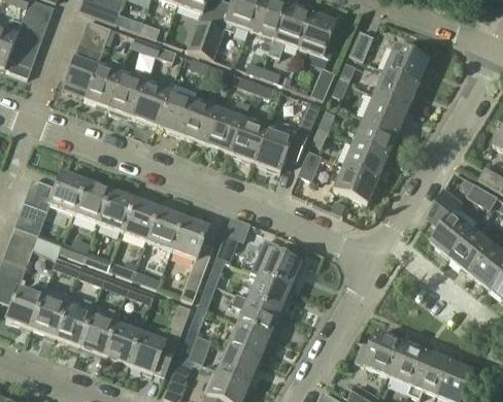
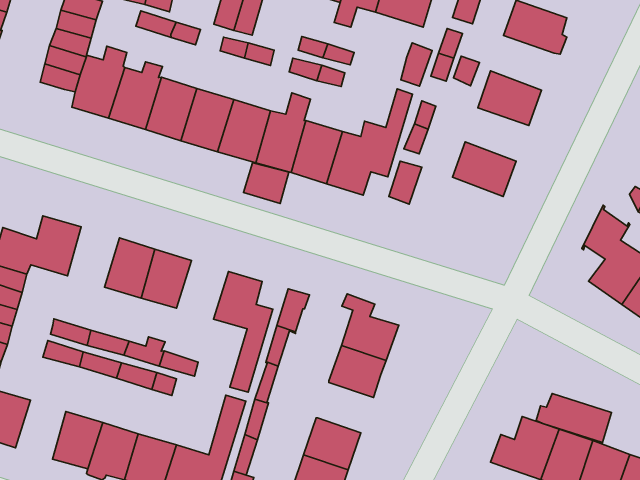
building: [373,68,417,107] -> none
building: [353,116,397,155] -> none
building: none -> [244,163,289,203]
building: [331,163,376,204] -> none
building: [74,180,111,223] -> none
building: [147,208,185,249] -> none
building: [231,293,278,334] -> none
building: [31,297,67,338] -> none
building: none -> [536,393,612,443]

